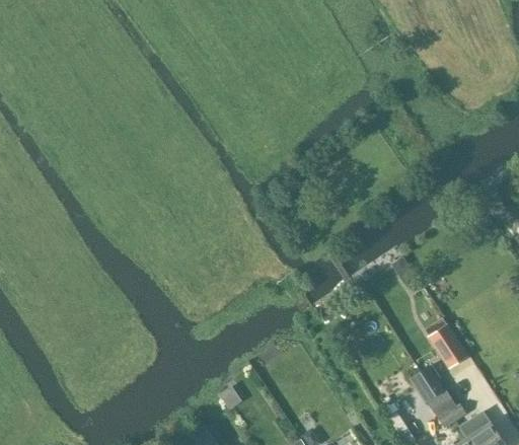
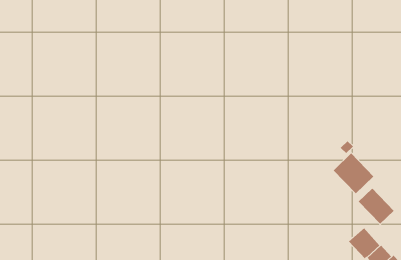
building: none -> [333,153,374,194]

